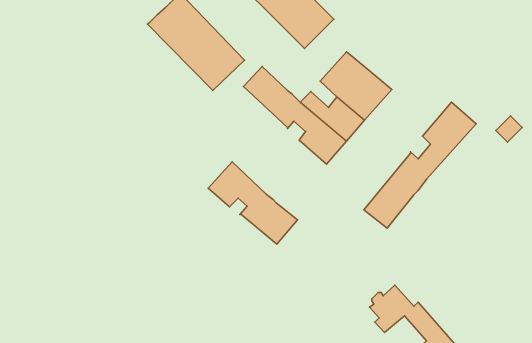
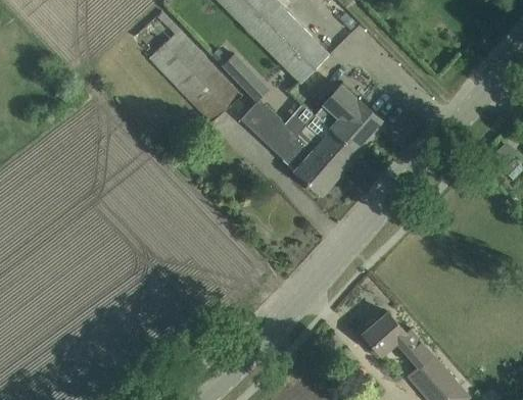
building: none -> [211,48,268,101]
building: [364,102,476,228] -> none
building: [208,162,298,244] -> none

